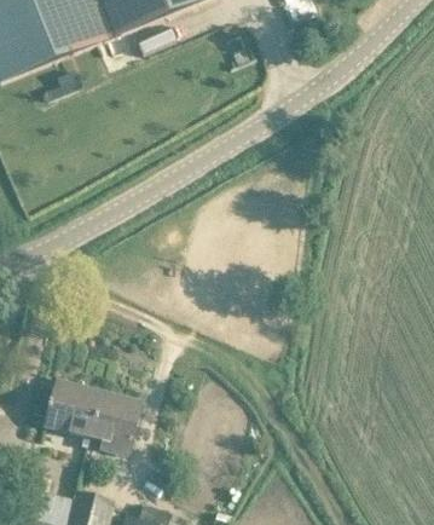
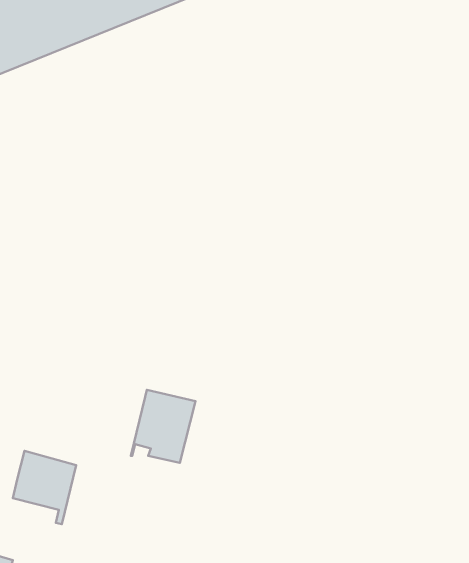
building: [88,390,143,451] -> [131,390,195,463]

